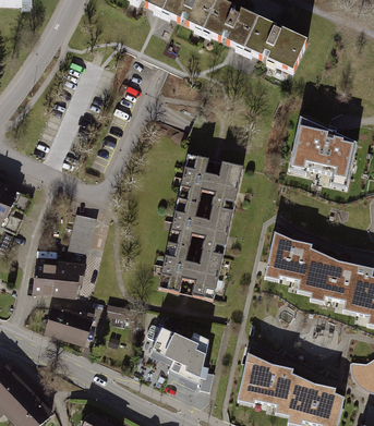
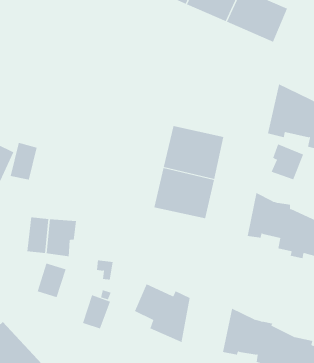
building: none -> [271,143,304,180]
building: [68,210,97,251] -> [10,142,38,180]
building: [157,246,222,301] -> none
building: [64,312,95,349] -> [82,294,111,329]

